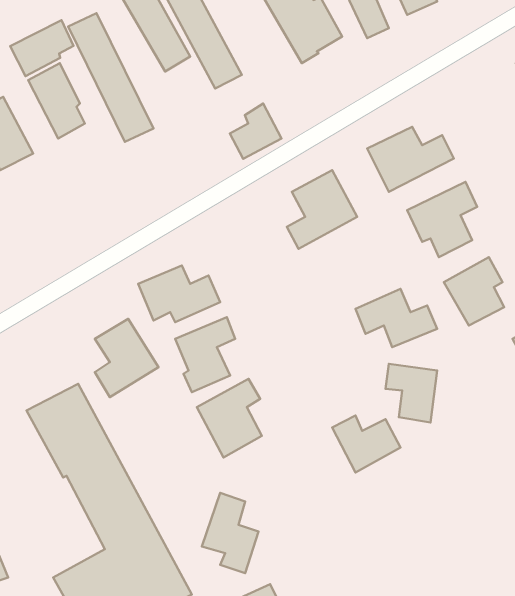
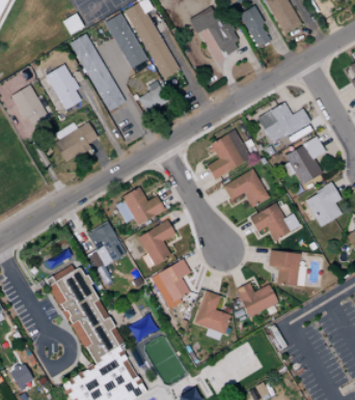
building: [10,20,74,76] -> none
building: [230,104,281,159] -> [137,79,169,113]
building: none -> [53,121,98,163]
building: none -> [222,169,268,206]
building: [202,493,259,573] -> [193,290,228,340]

